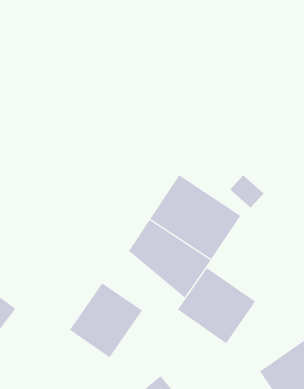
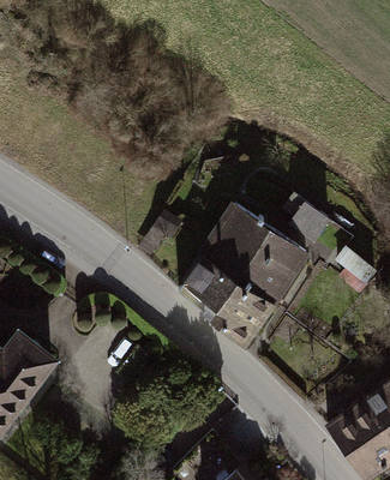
building: [177,267,256,344] -> none
building: [69,282,143,358] -> none

